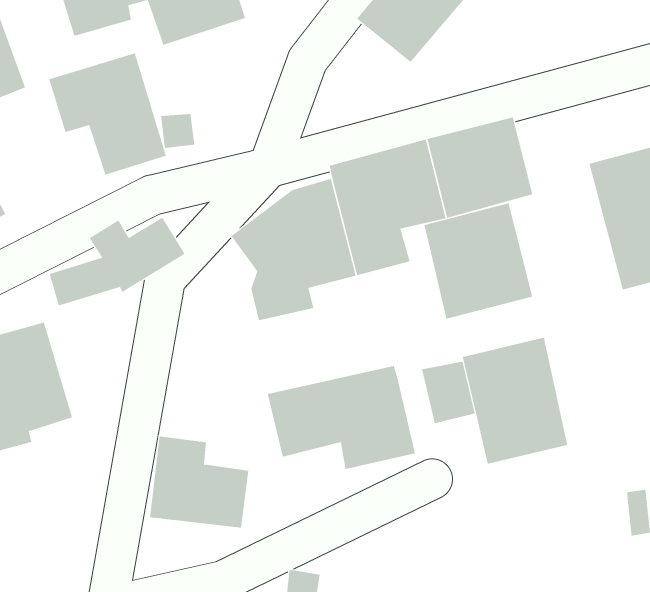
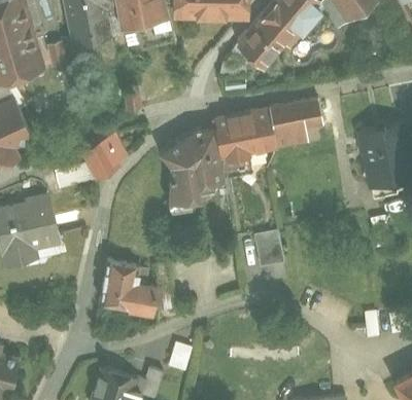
building: [48,53,166,176] -> none
building: [424,203,533,320] -> none
building: [462,337,568,465] -> none
building: [267,365,416,470] -> none

